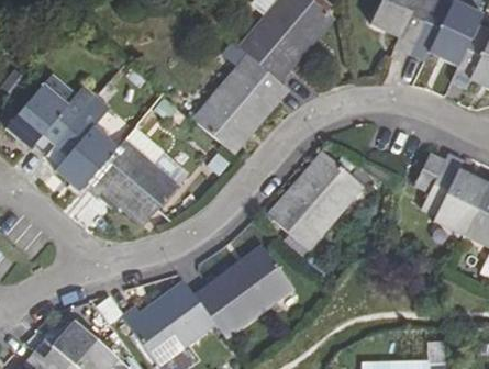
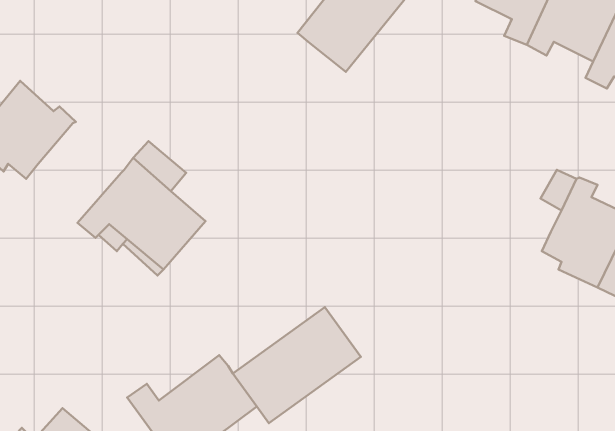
building: [199,55,289,149] -> none
building: [46,112,118,190] -> none
building: [275,149,363,243] -> none

